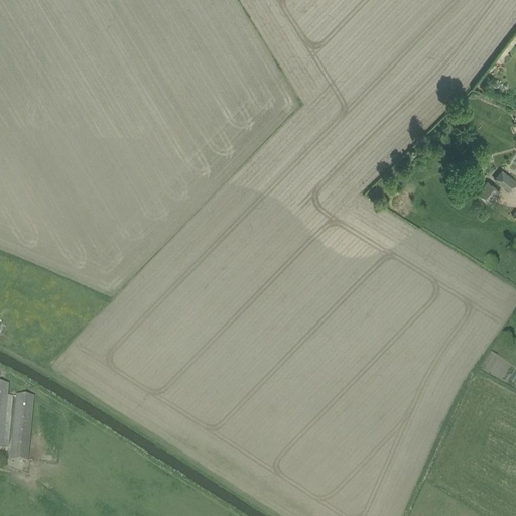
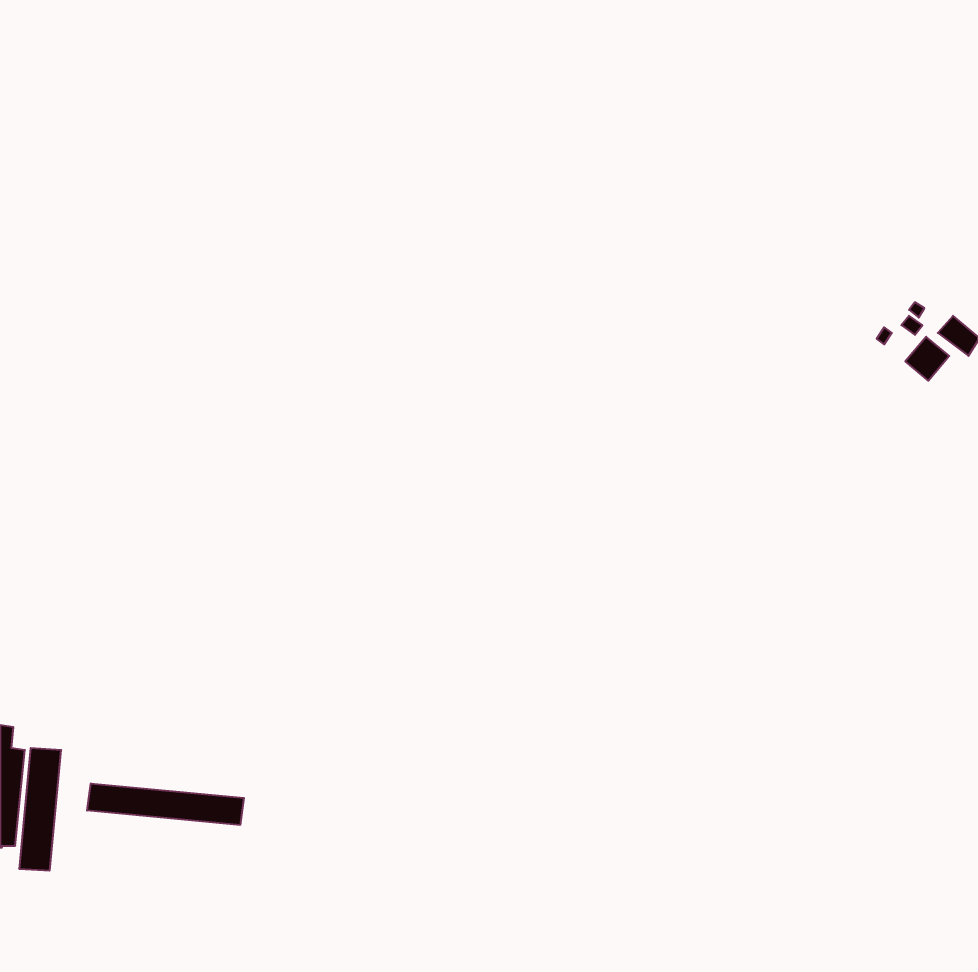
building: none -> [87,783,244,825]

